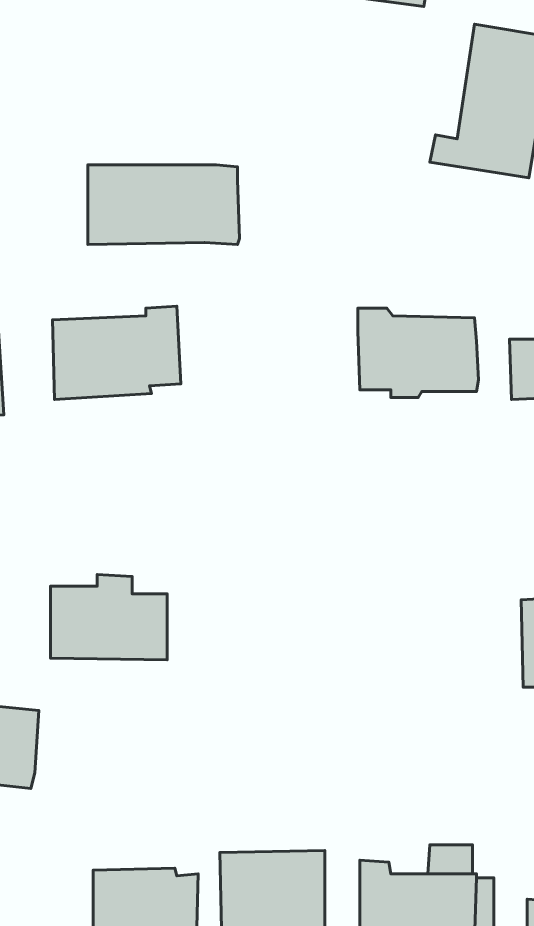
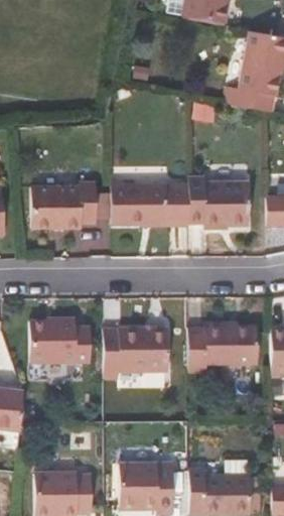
building: [88,165,240,244] -> [111,184,189,226]
building: none -> [204,328,258,366]
building: none -> [104,329,168,379]

